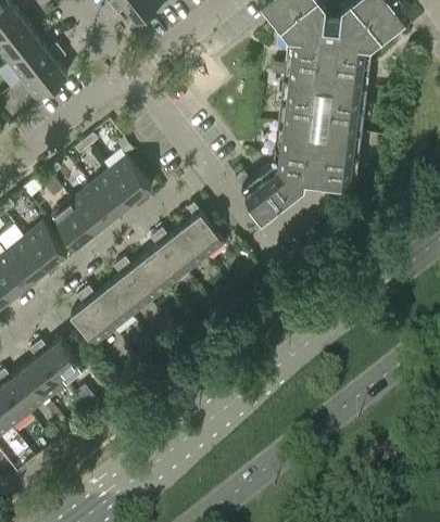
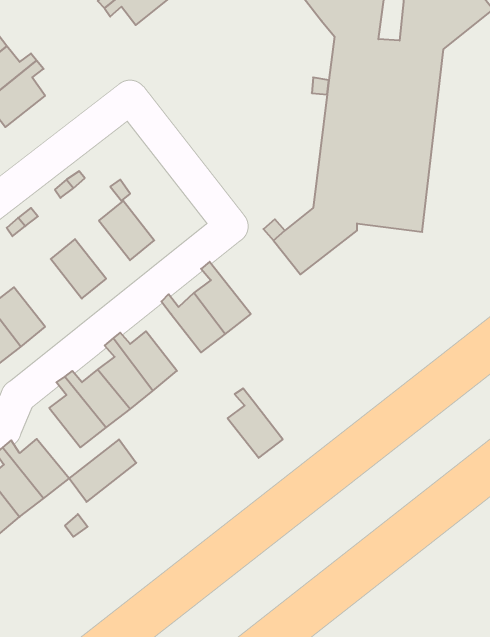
building: [89,175,131,219] -> none
building: [51,204,95,250] -> none
building: [143,237,186,290] -> [228,388,283,458]
building: none -> [69,439,136,502]

